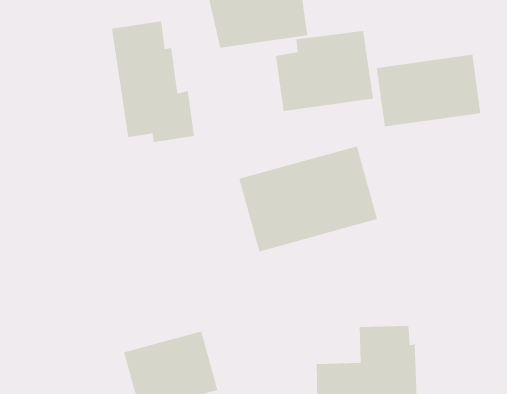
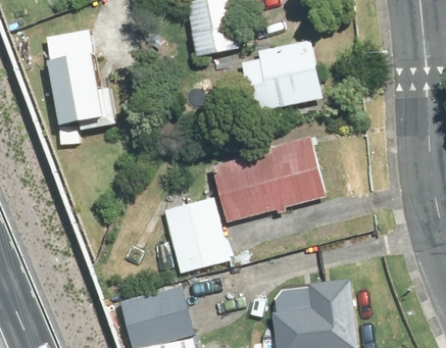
building: [111,21,195,143] -> [47,32,114,130]
building: [376,54,481,127] -> none
building: none -> [165,199,227,274]

